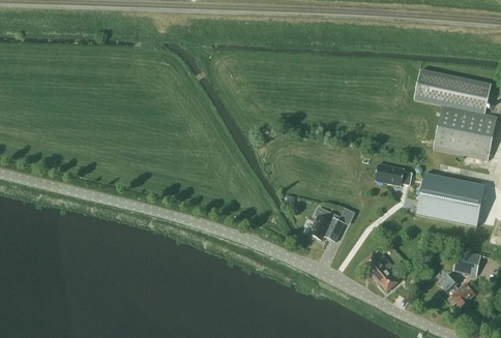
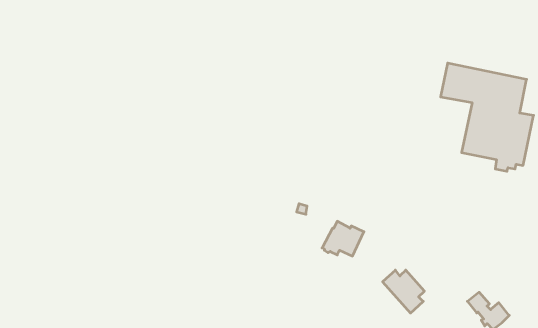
building: [374,162,411,185] -> none
building: [418,173,488,226] -> none
building: [452,249,479,275] -> none

